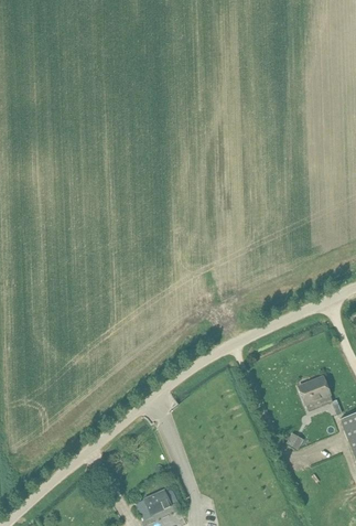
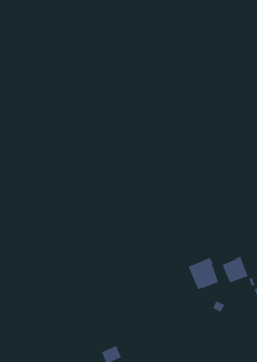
building: none -> [188,257,219,290]

